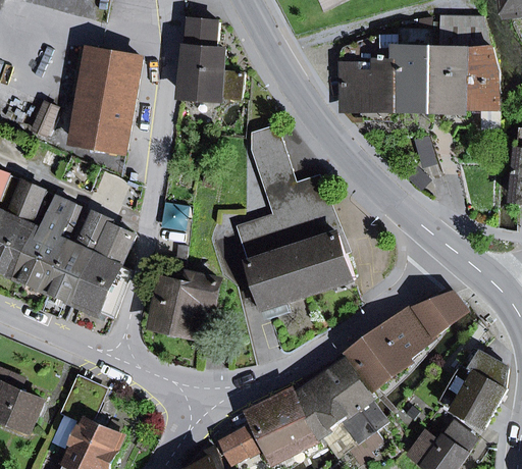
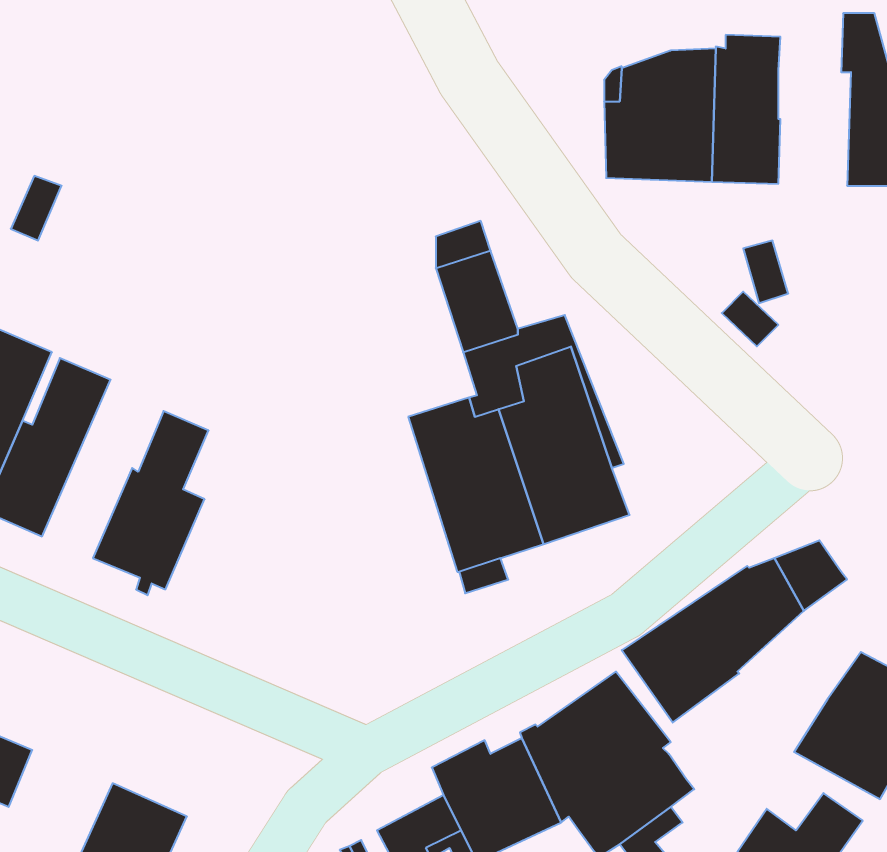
building: [429,18,467,108] -> none
building: [179,20,242,100] -> none
building: [73,51,140,152] -> none
building: [46,209,111,302] -> none
building: [155,276,218,336] -> none

